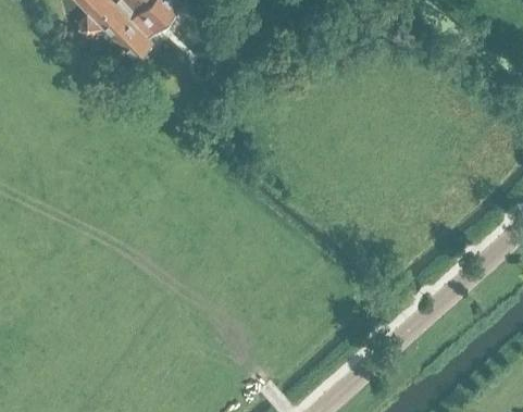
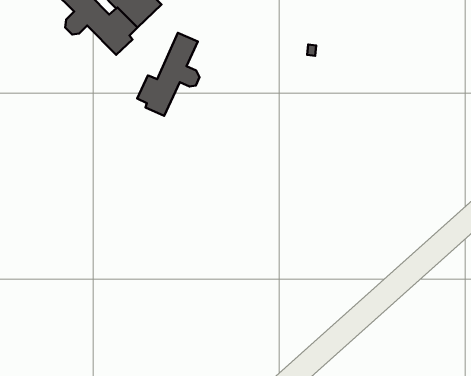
building: none -> [137,33,200,116]

